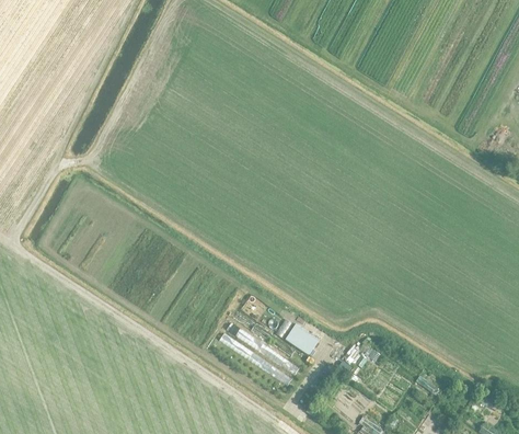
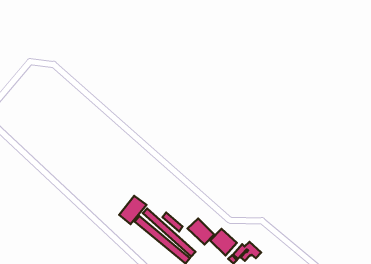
building: none -> [119,196,146,224]
building: none -> [210,229,237,256]

